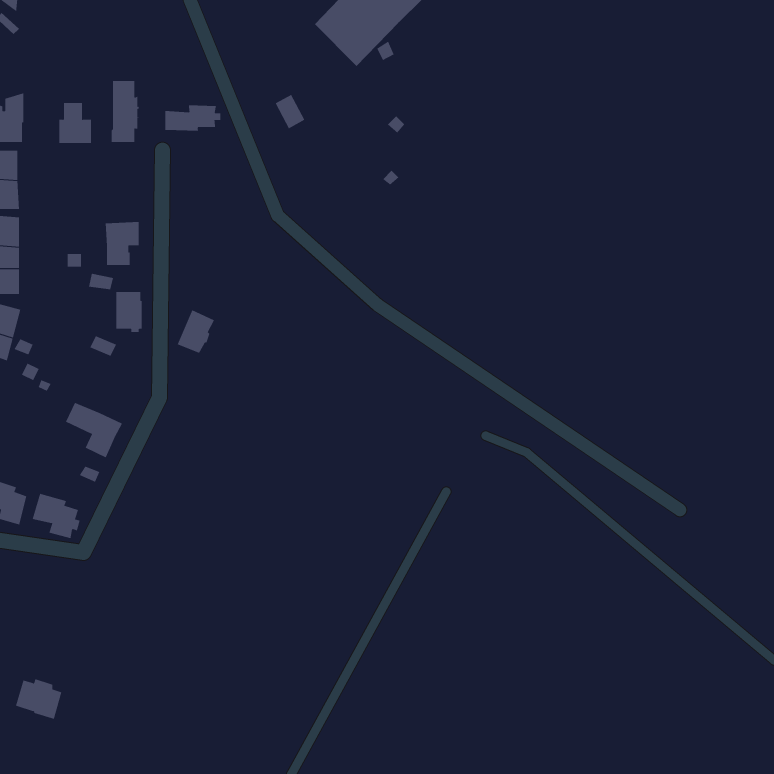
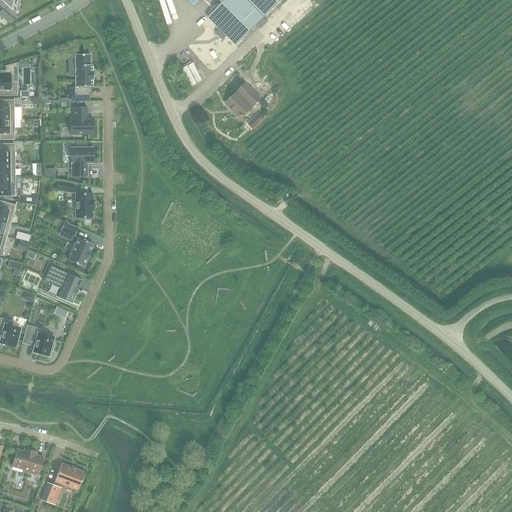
building: [59,103,92,144] -> [69,106,91,133]
building: [165,104,221,132] -> none
building: none -> [224,82,259,118]
building: [177,309,215,353] -> [67,236,92,265]
building: none -> [39,462,83,502]

